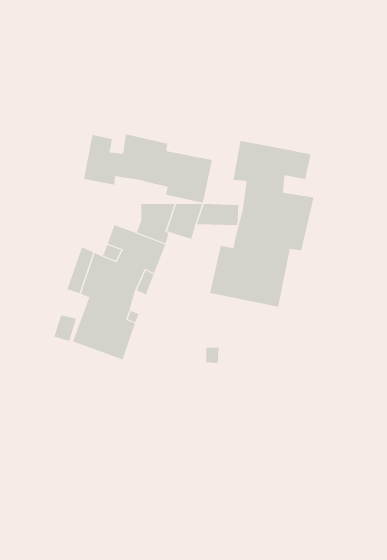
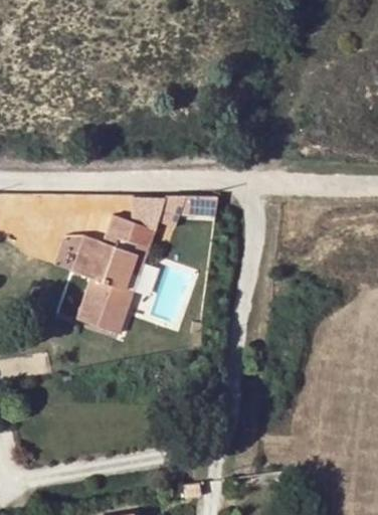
building: [84,133,212,204] -> none
building: [210,140,314,308] -> none

